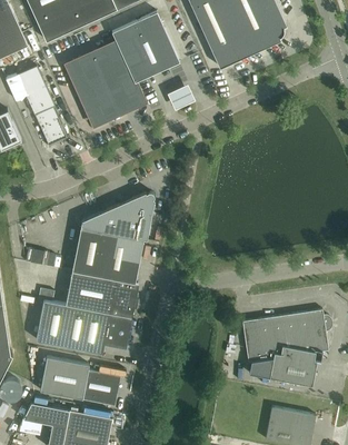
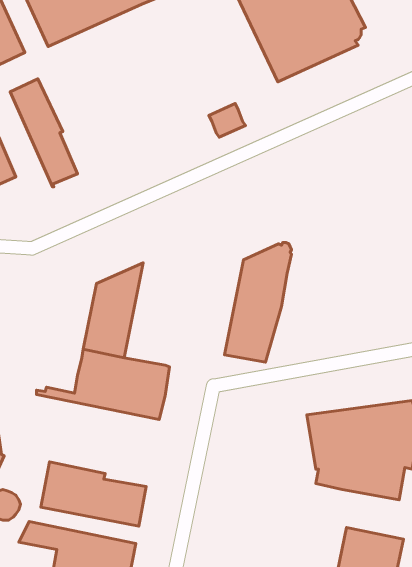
building: [66,13,180,127] -> none
building: [103,194,155,285] -> [224,242,292,362]
building: [31,307,130,355] -> none

